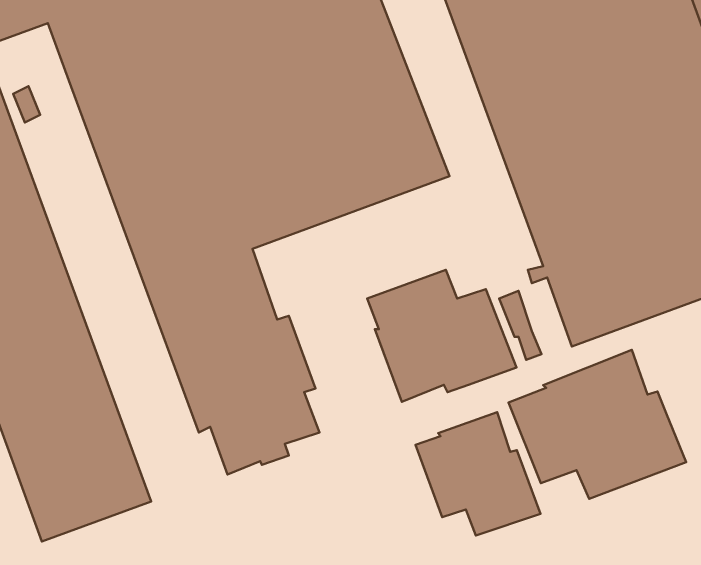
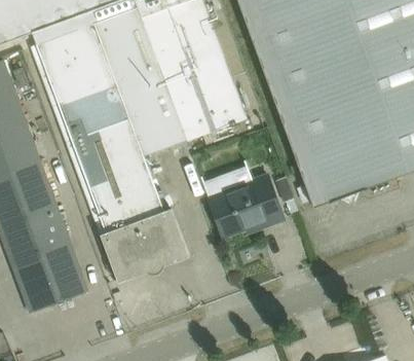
building: [509,350,686,499] -> none
building: [416,412,540,535] -> none

